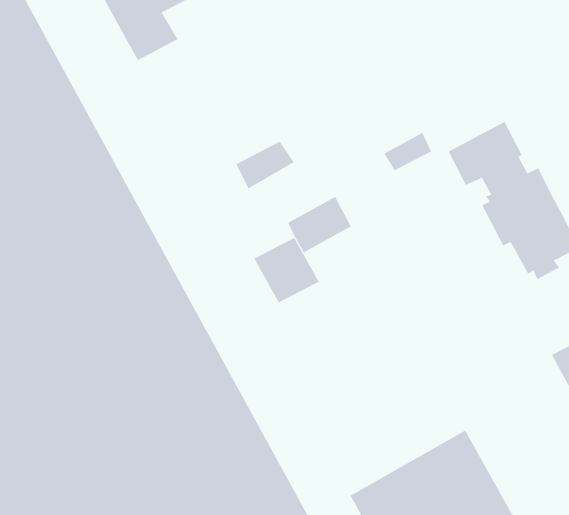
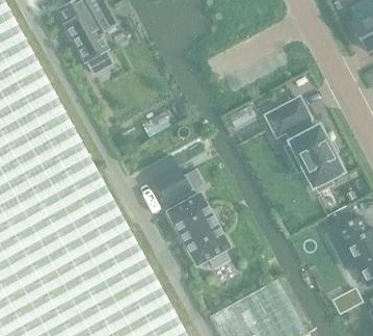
building: none -> [167,193,229,267]

